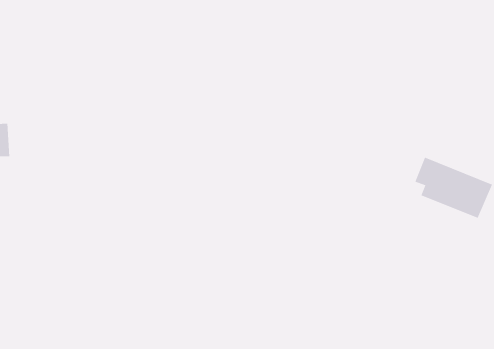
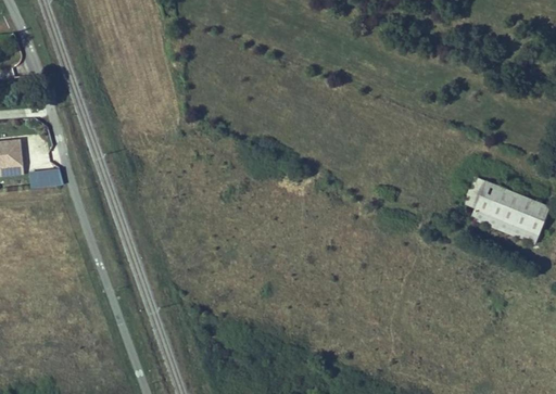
building: none -> [29,168,62,188]

